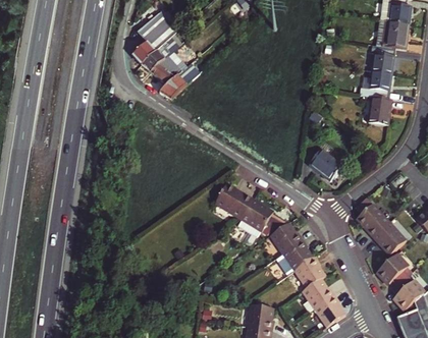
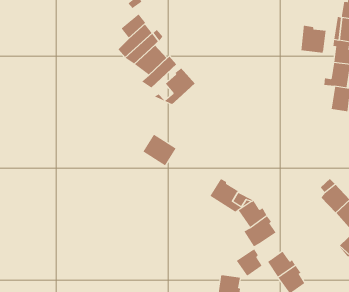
building: none -> [301,25,326,54]
building: none -> [153,67,196,105]
building: [312,148,343,179] -> none
building: [211,182,249,218] -> [142,134,176,166]
building: [292,257,322,288] -> [236,248,263,276]

